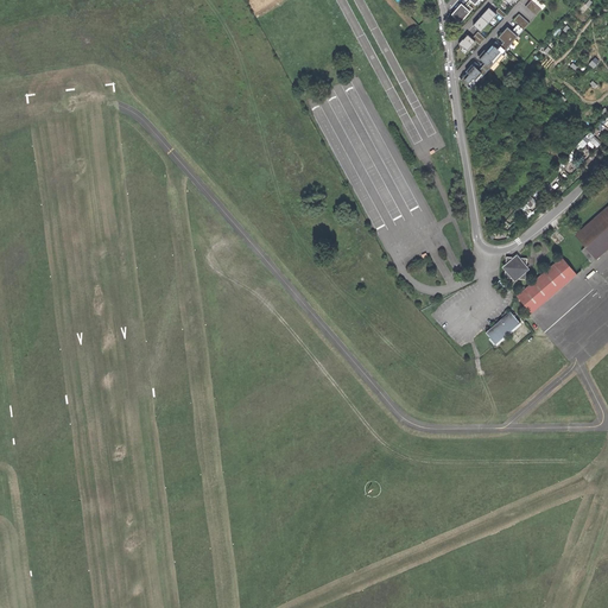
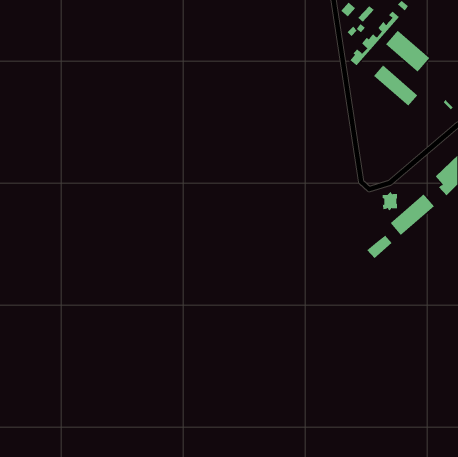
building: none -> [385,30,430,72]
building: none -> [373,65,418,107]

